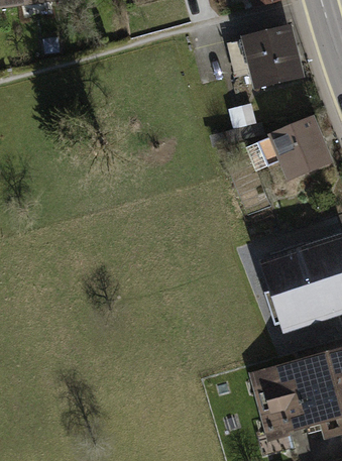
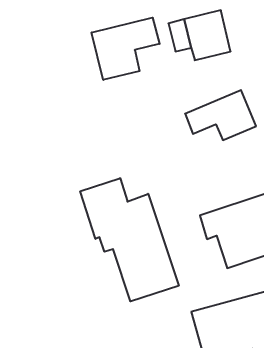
building: none -> [92,18,160,80]
building: none -> [80,178,179,301]

